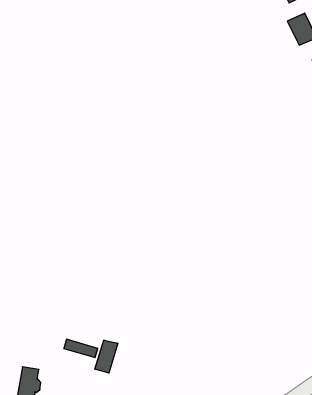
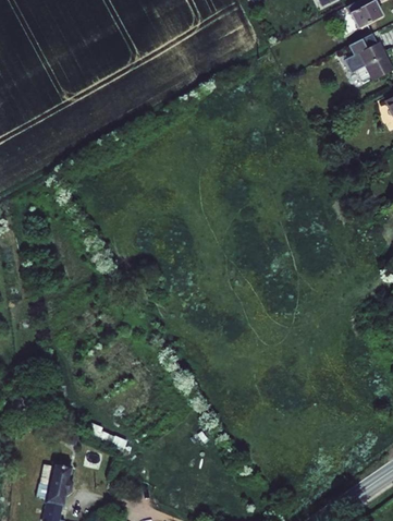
building: [95,340,118,373] -> none

